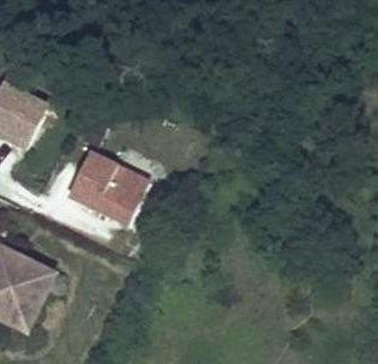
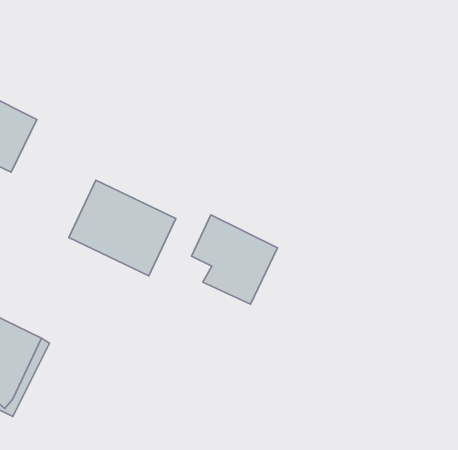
building: none -> [191,215,277,304]

